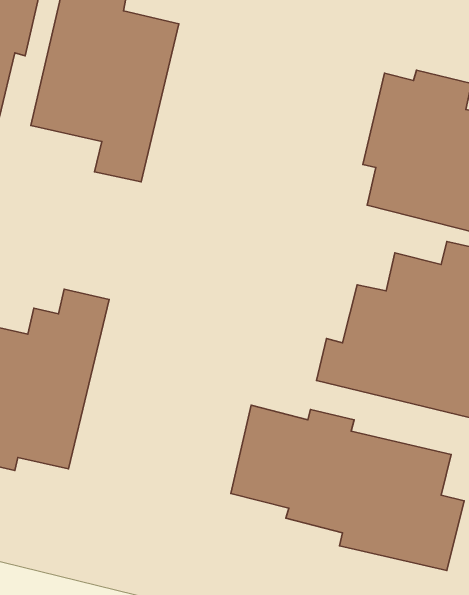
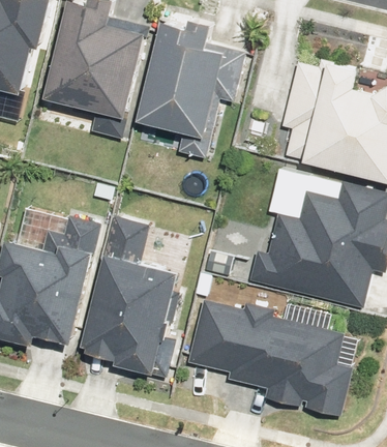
building: none -> [136,19,244,157]
building: none -> [80,215,177,374]

